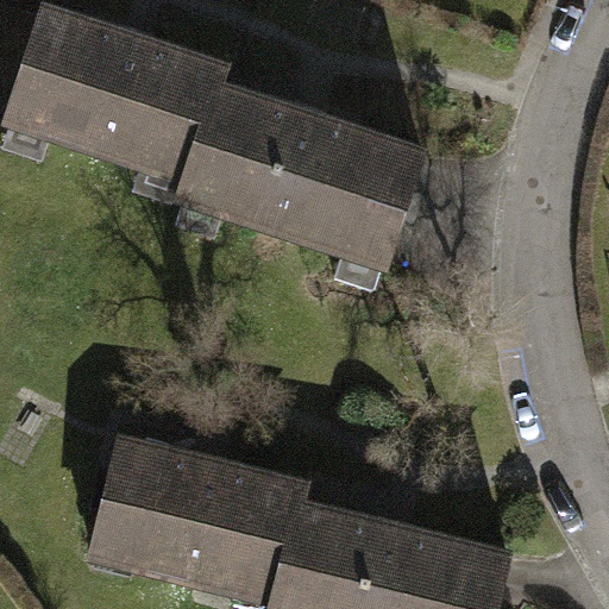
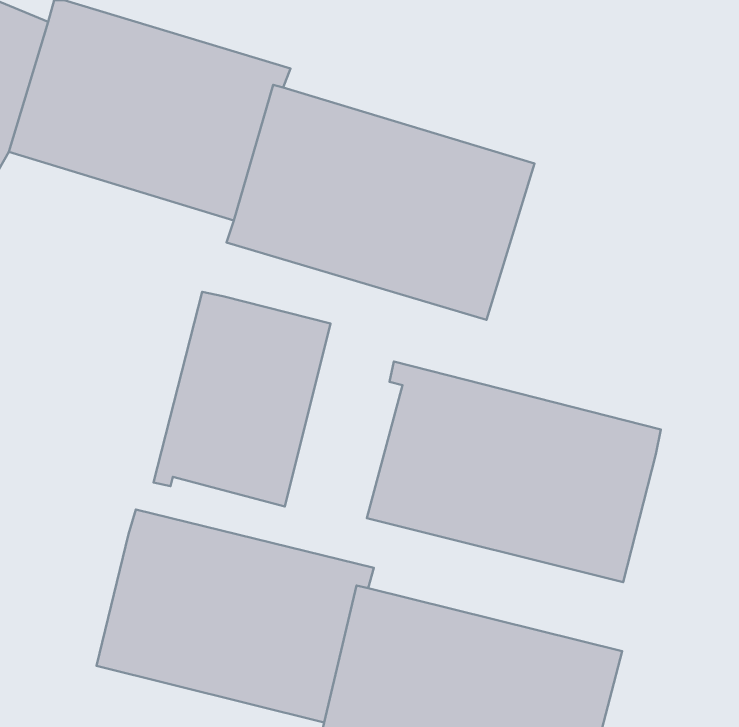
building: none -> [154,292,331,507]
building: none -> [367,362,661,582]

